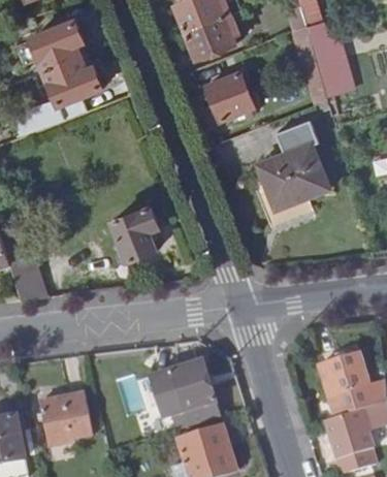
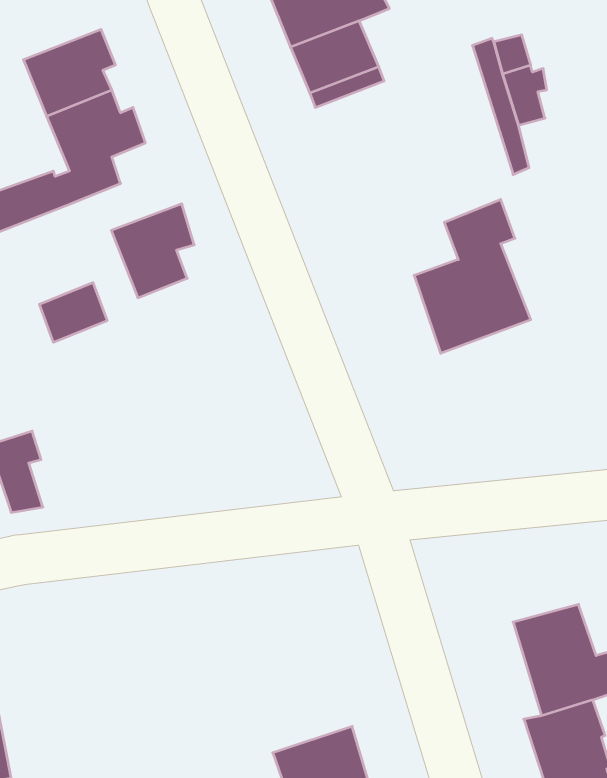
building: [206,72,254,120] -> none
building: none -> [39,283,107,342]
building: [111,203,160,258] -> [111,204,194,298]
building: [150,362,221,431] -> none
building: [40,393,91,444] -> none

